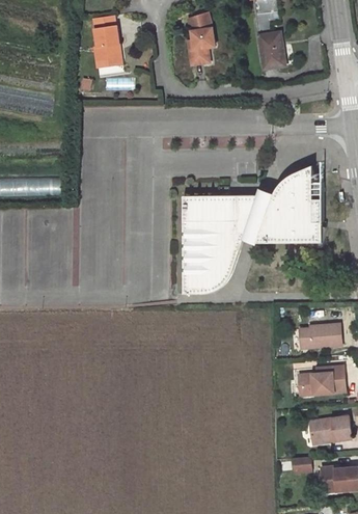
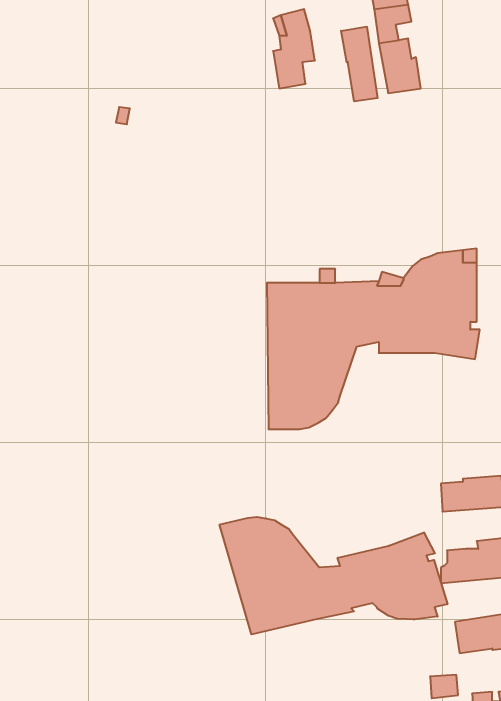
building: none -> [341,27,378,101]
building: [94,25,118,67] -> none
building: none -> [220,517,447,634]

